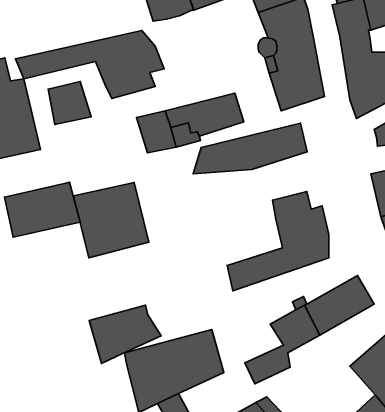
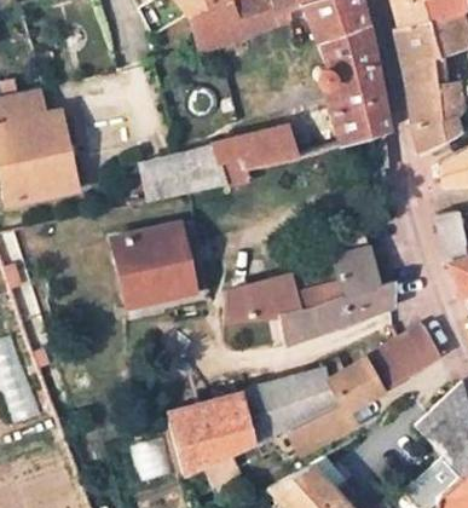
building: [15,31,164,99] -> none
building: [48,81,91,124] -> [146,152,193,200]
building: [193,123,307,174] -> [216,264,341,319]
building: [5,182,80,237] -> none
building: [89,305,161,364] -> [264,368,342,432]

